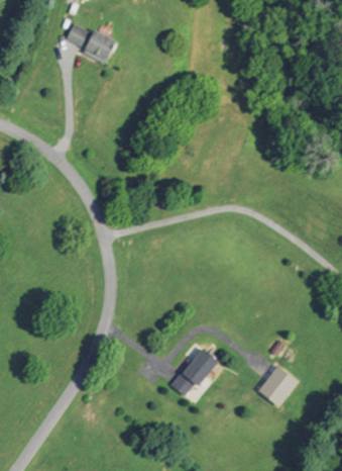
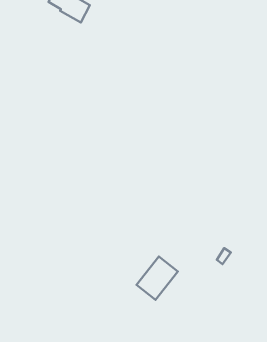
building: [256,365,295,405] -> none

